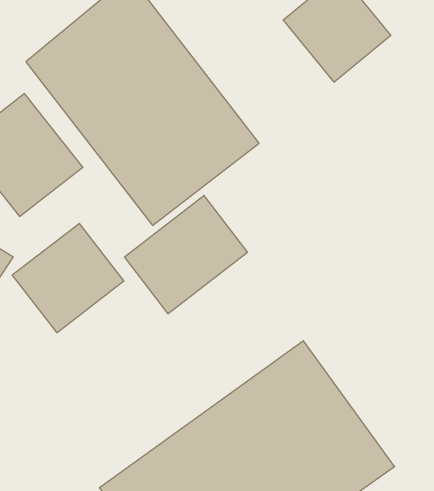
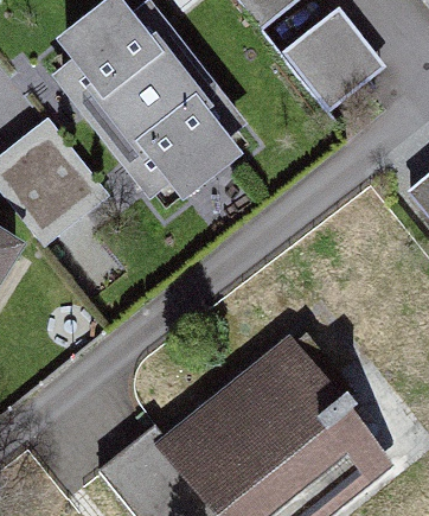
building: [125,195,247,314] -> none
building: [12,223,124,333] -> none

